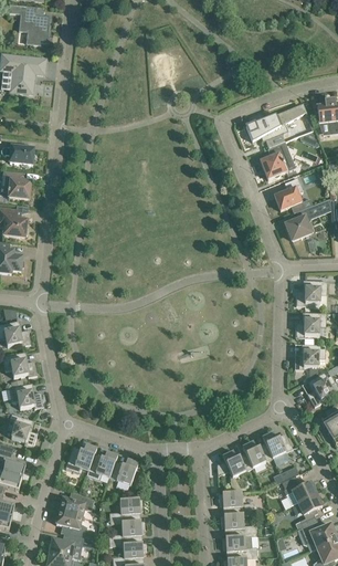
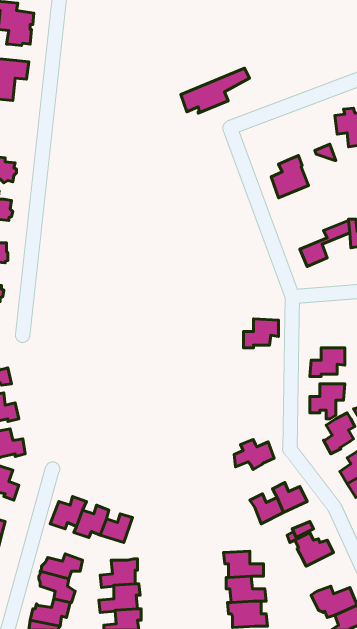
building: [246,103,307,143] -> [181,68,249,113]
building: [274,178,303,210] -> none
building: [296,280,327,305] -> [243,319,278,348]
building: [216,451,252,478] -> [234,439,274,469]
building: [292,493,323,528] -> none

